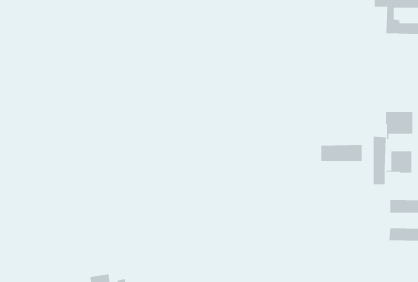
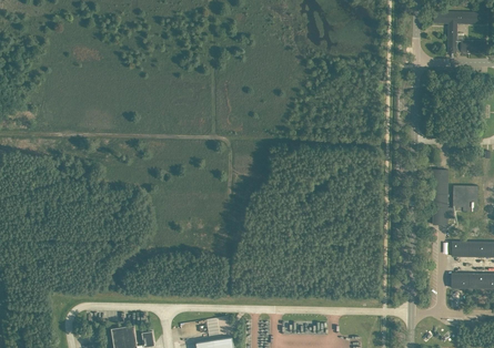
building: [385,111,413,140] -> none
building: [321,144,362,162] -> none

